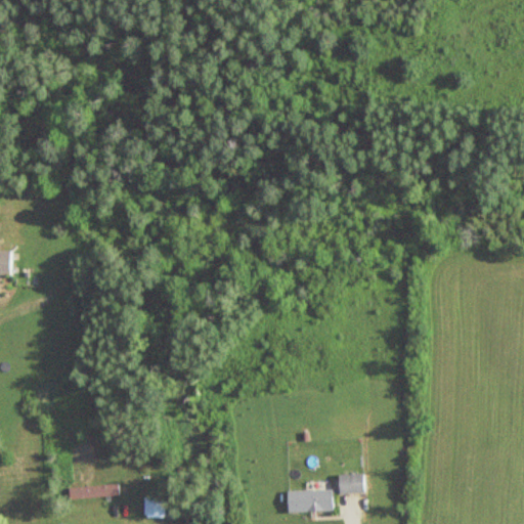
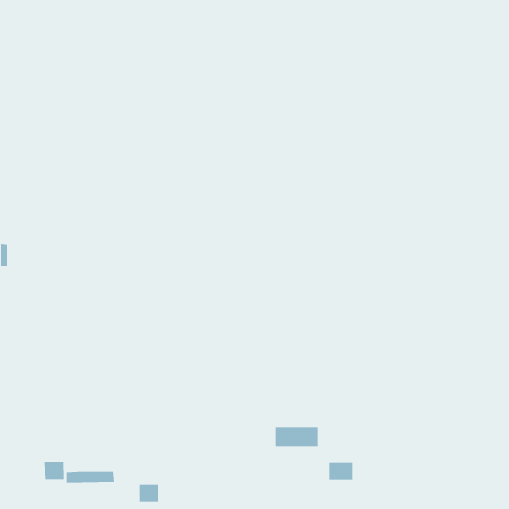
building: none -> [44,461,64,480]
building: [287,491,332,512] -> [275,427,319,447]

